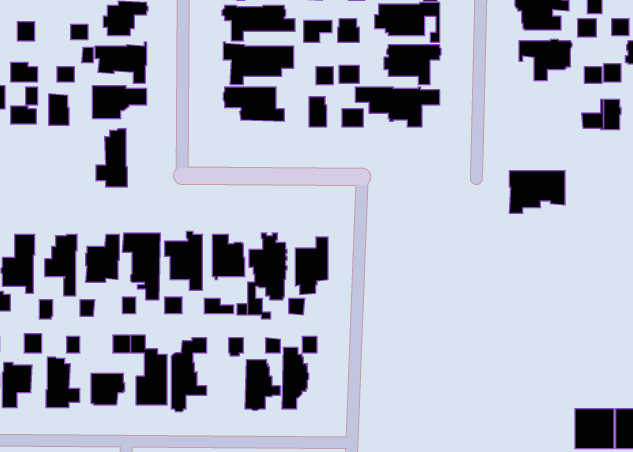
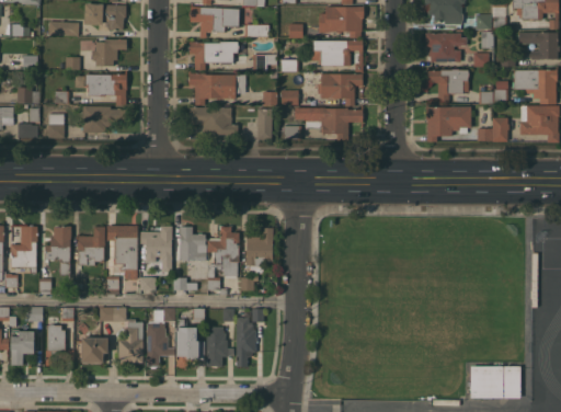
building: [96,128,127,187] -> none
building: [509,171,565,213] -> [426,106,471,140]
building: none -> [178,319,205,367]

